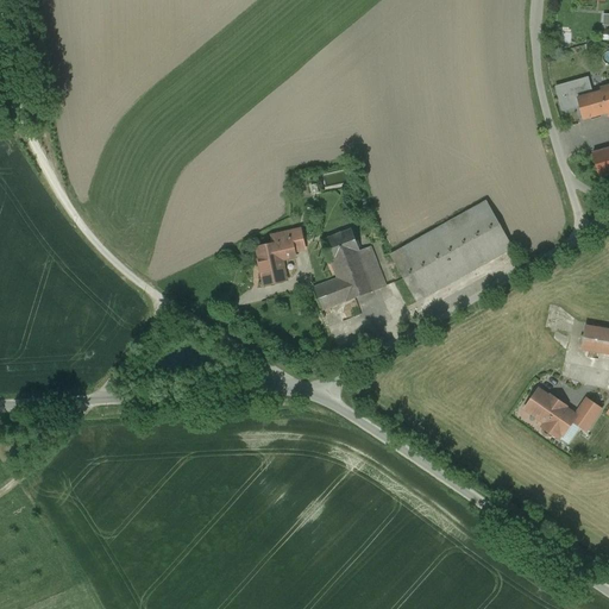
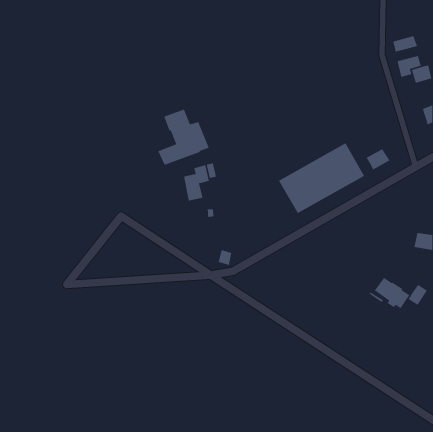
building: none -> [392,35,418,53]
building: none -> [366,148,390,170]
building: [313,228,387,309] -> [157,108,210,166]

